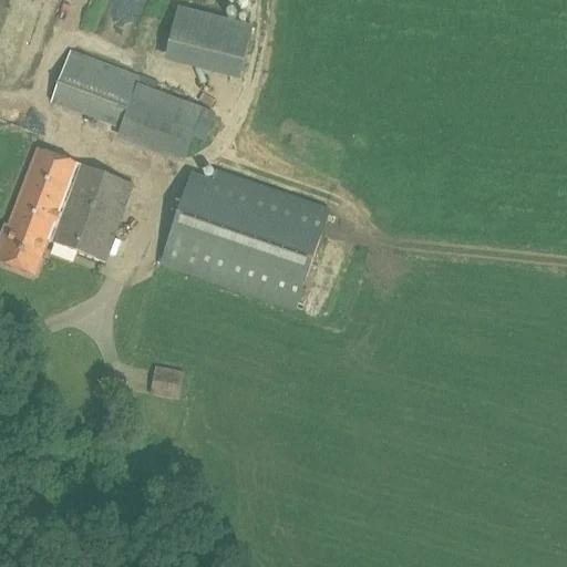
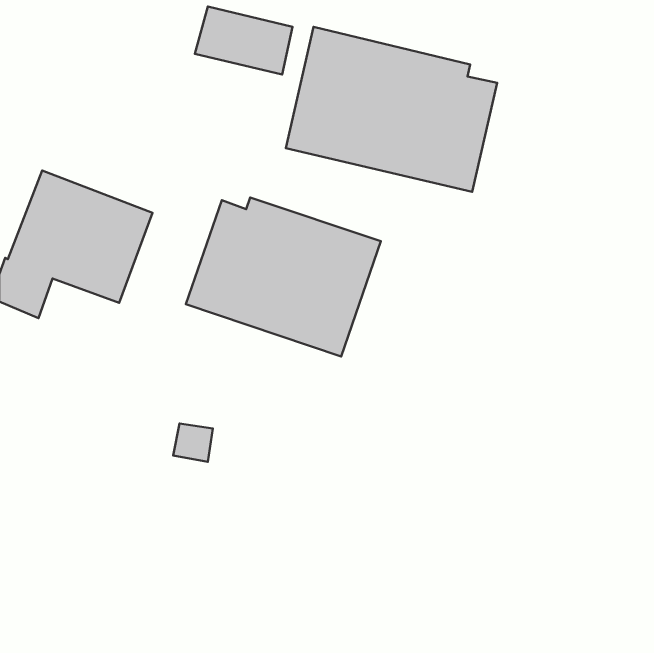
building: none -> [286,27,497,192]
building: [50,49,215,158] -> none

